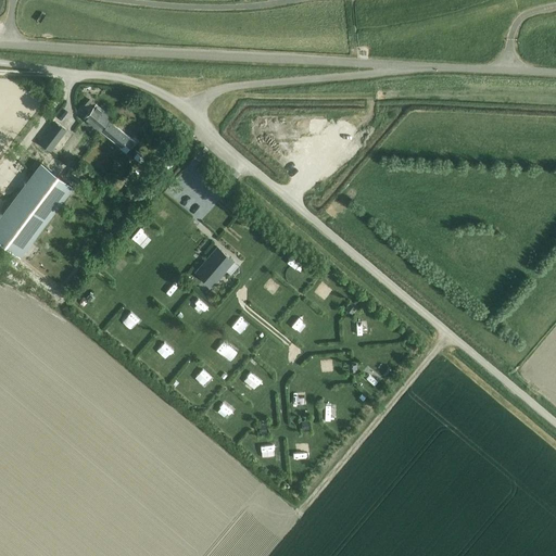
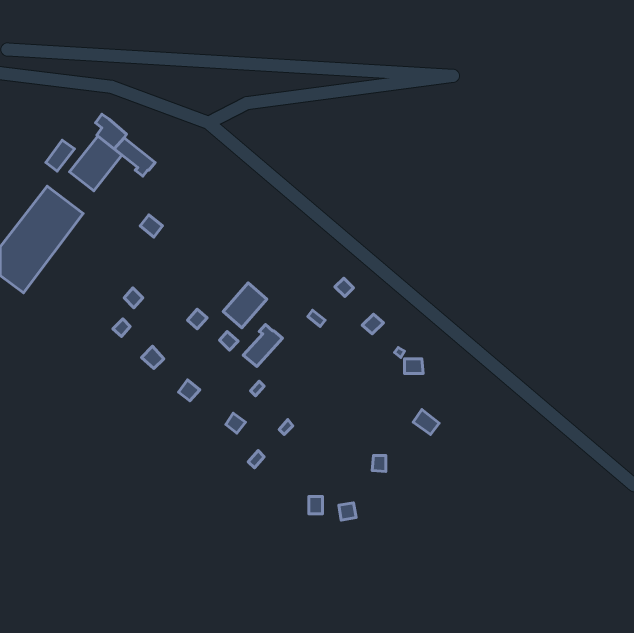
building: none -> [70,136,122,191]
building: none -> [243,324,282,366]

